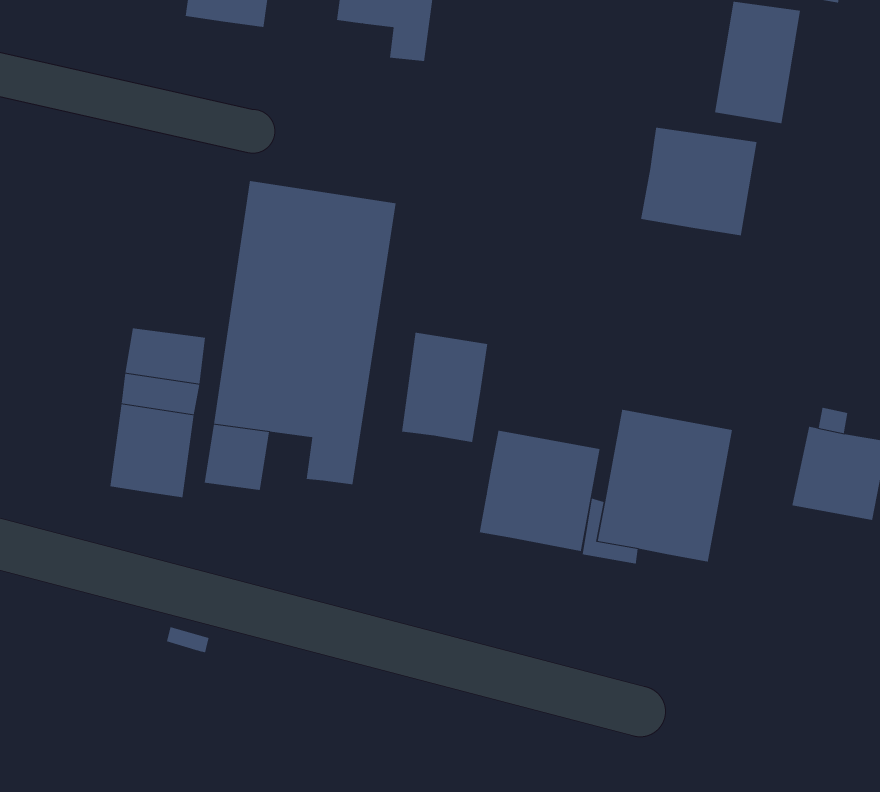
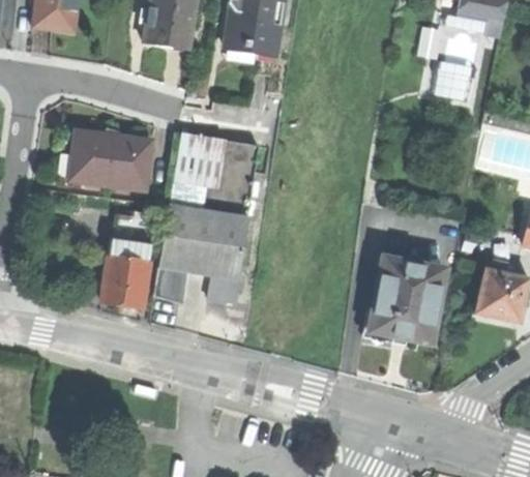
building: [640,127,757,236] -> none
building: none -> [67,131,148,187]
building: [402,332,488,443] -> none
building: [479,430,600,552] -> none

